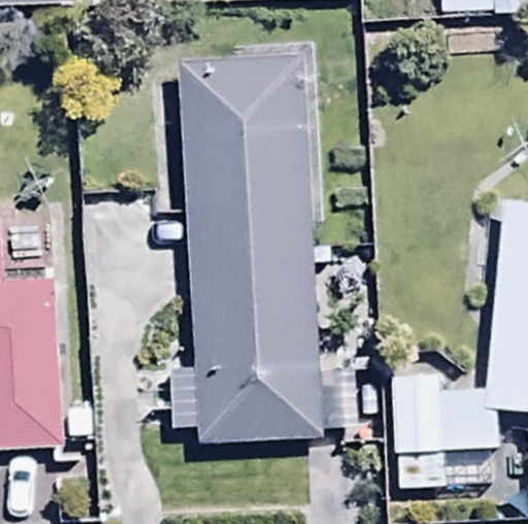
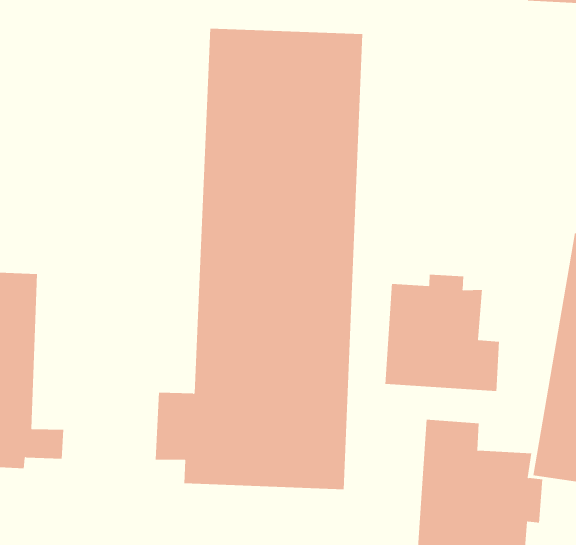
building: none -> [385,274,500,392]

